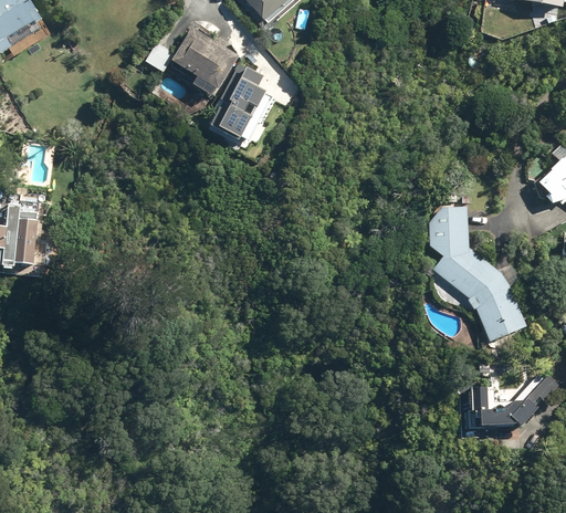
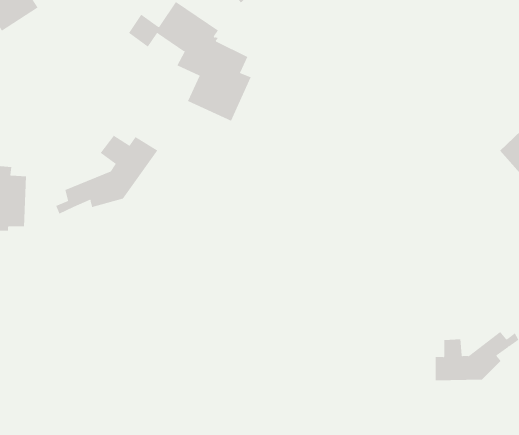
building: none -> [55,135,158,214]
building: [428,203,530,341] -> none

